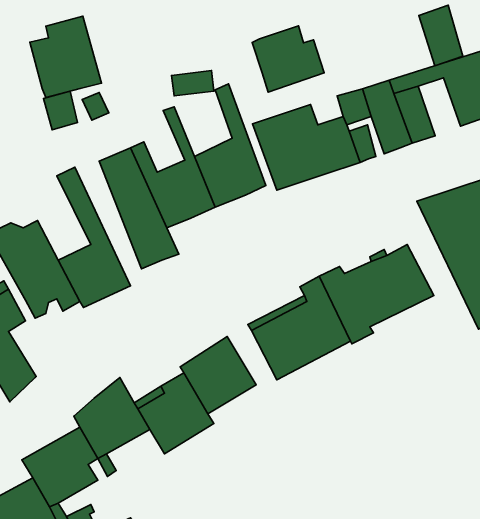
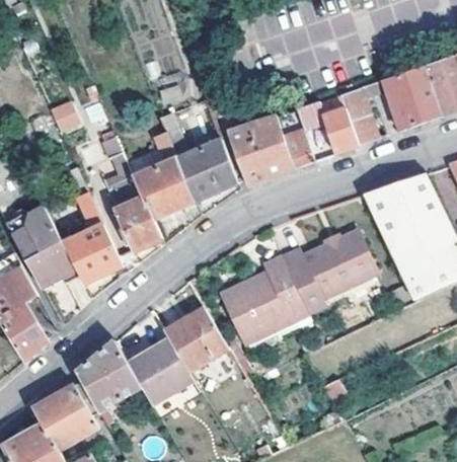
building: [419,5,463,66] -> none
building: [30,16,102,98] -> none
building: [252,26,324,92] -> none

